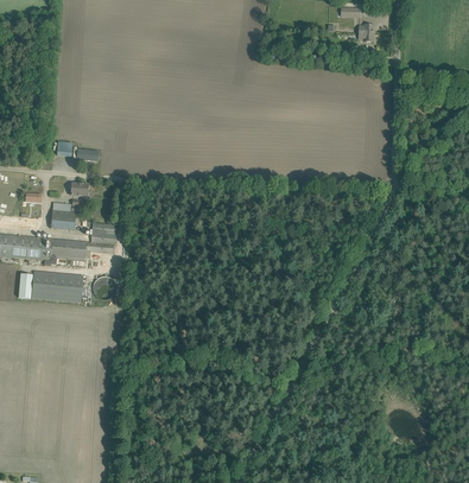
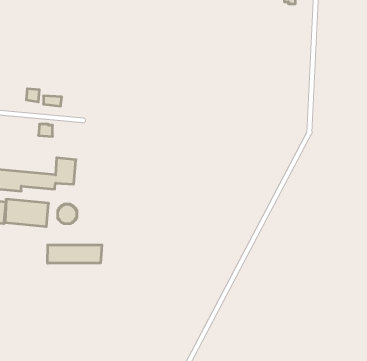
building: [50,198,77,229] -> none
building: none -> [48,245,102,263]

